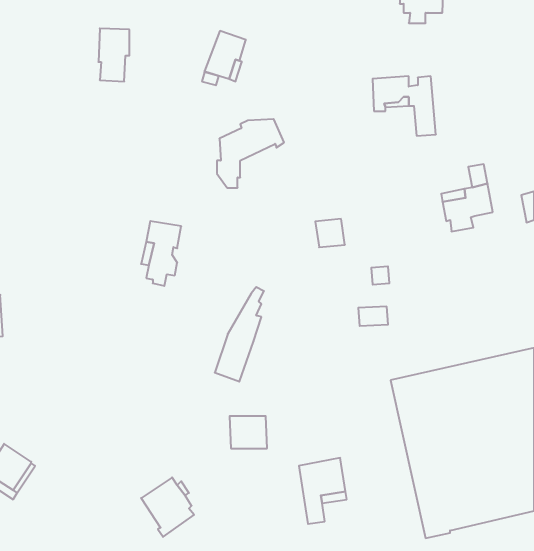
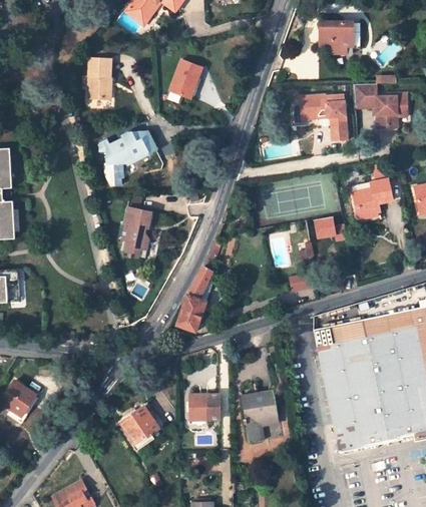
building: none -> [355,84,409,129]
building: [217,119,284,188] -> [104,131,156,184]
building: [315,219,345,247] -> [313,215,336,237]
building: [230,416,267,448] -> [190,395,220,420]

